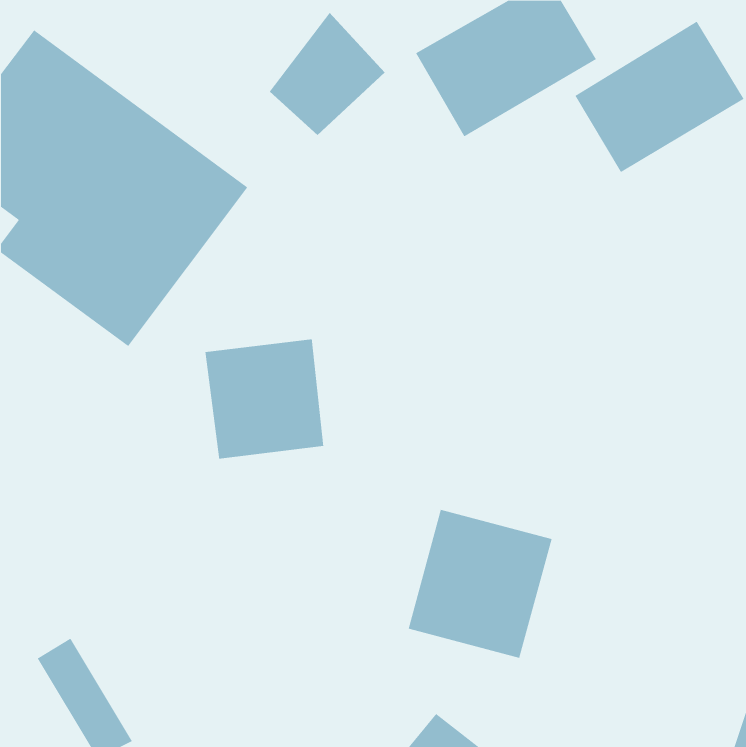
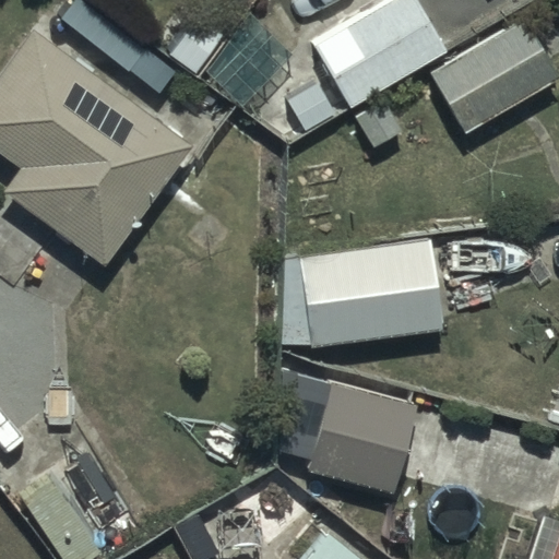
building: none -> [272,240,439,346]
building: [205,338,324,459] -> none

